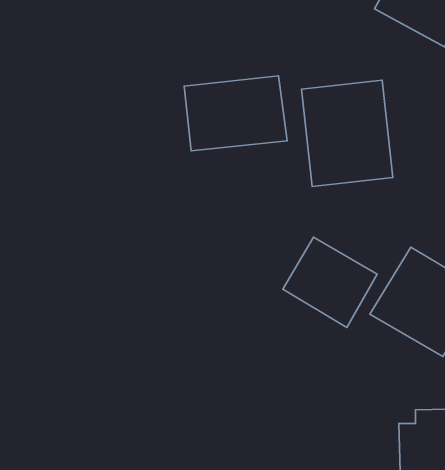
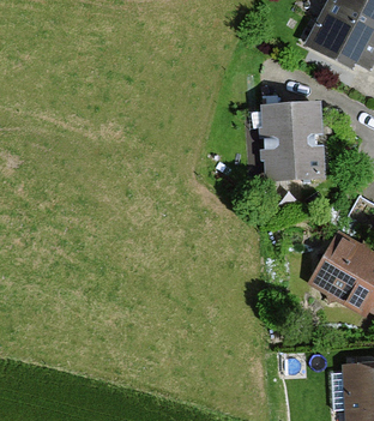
building: [184,76,287,151] -> none
building: [283,237,377,328] -> none

